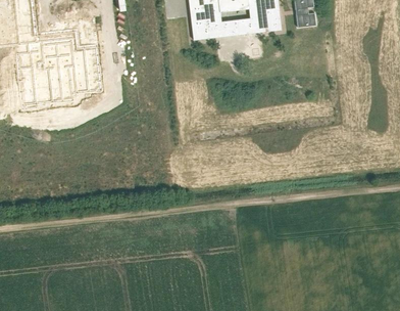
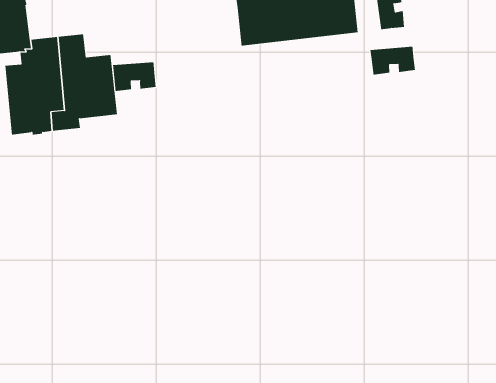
building: none -> [370,46,416,76]
building: none -> [113,61,156,92]

